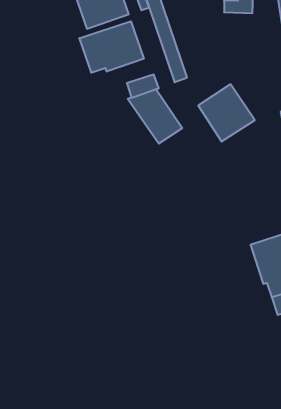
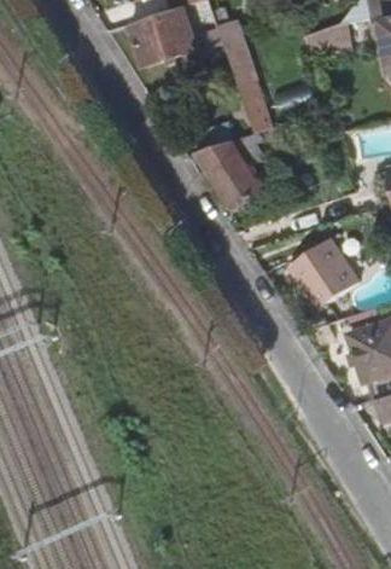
building: [79,21,144,73] -> none
building: [198,84,255,142] -> [287,240,357,312]

